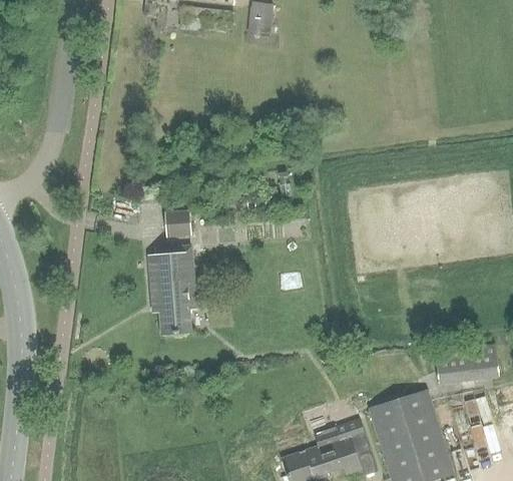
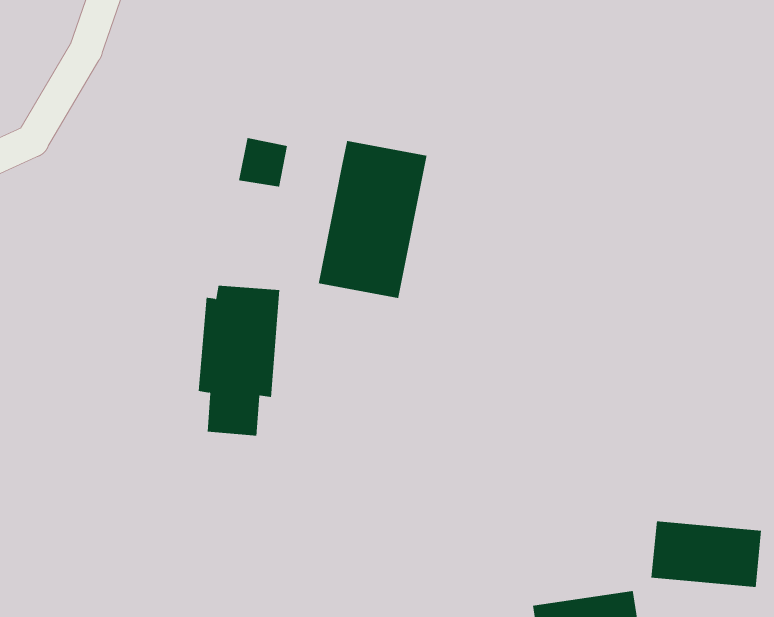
building: none -> [318,140,427,299]
building: [163,208,189,234] -> [238,138,288,187]

